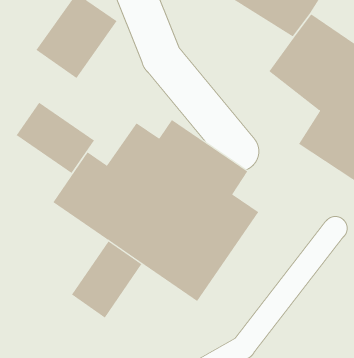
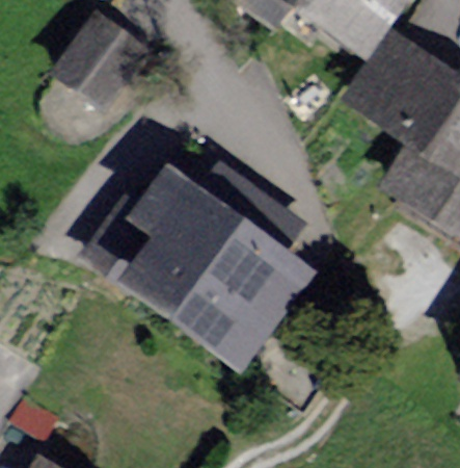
building: [16,102,95,174] -> none
building: [71,240,142,318] -> none

